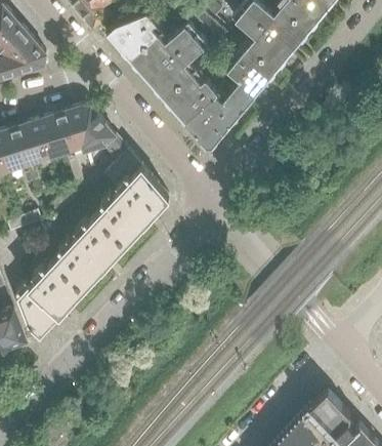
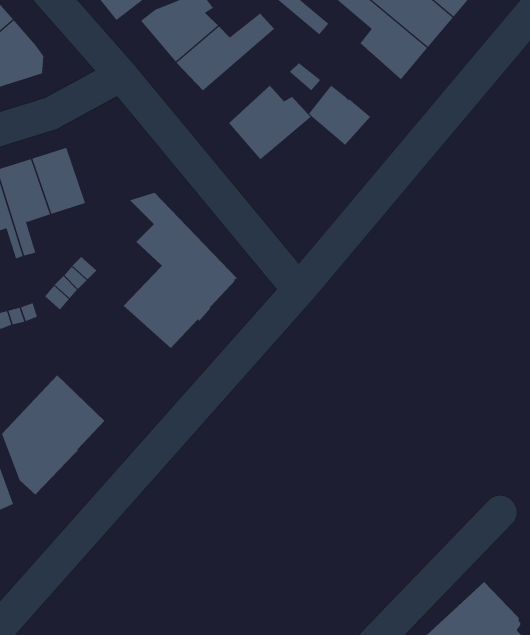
building: [147,37,203,97] -> none
building: [228,46,274,93] -> none
building: [184,93,239,146] -> none
building: [60,105,117,152] -> none
building: [54,214,127,288] -> none

